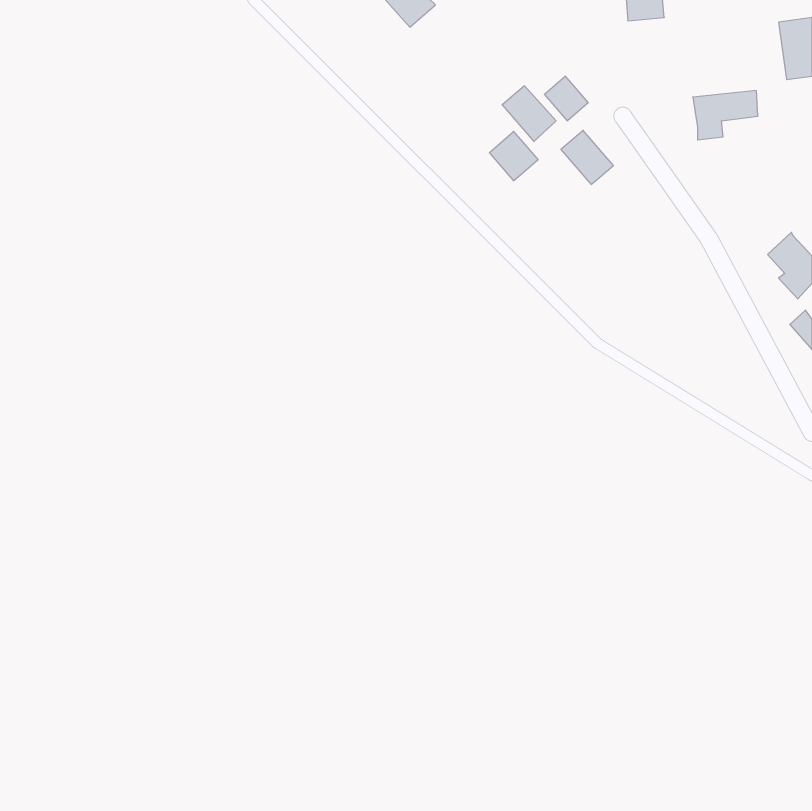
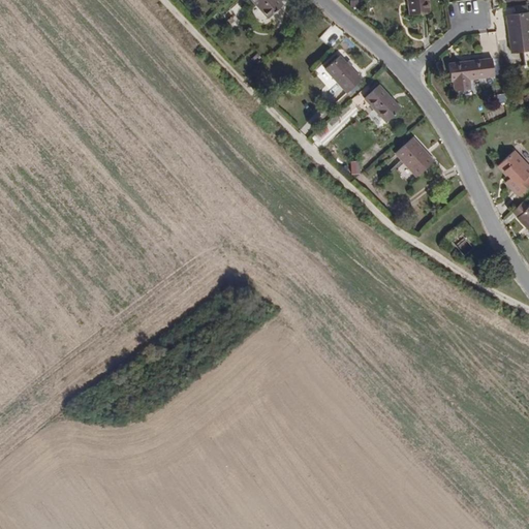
building: [544,76,588,121] -> none
building: [489,131,538,181] -> none
building: none -> [397,136,434,176]

